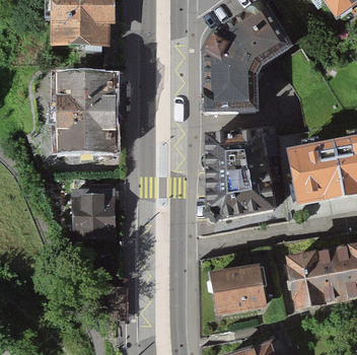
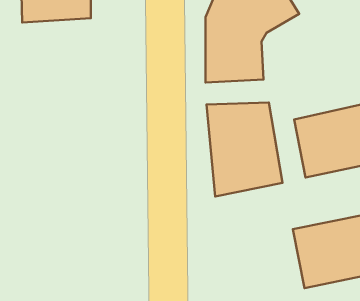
building: [37,79,106,159] -> none
building: [68,191,122,239] -> none
building: [213,261,272,313] -> none

